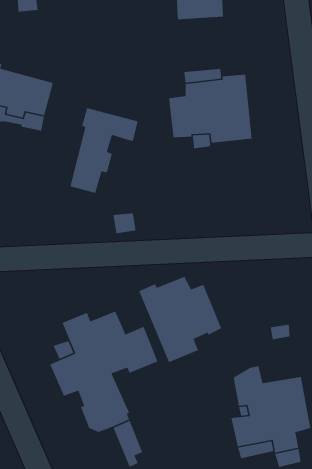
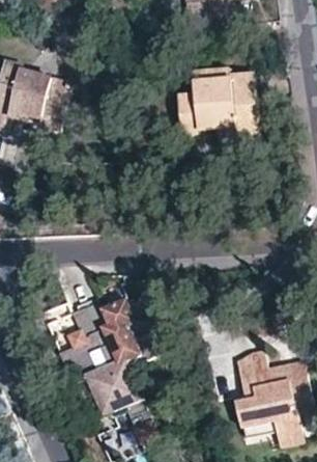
building: [69,107,139,194] -> none
building: [138,276,222,363] -> none

